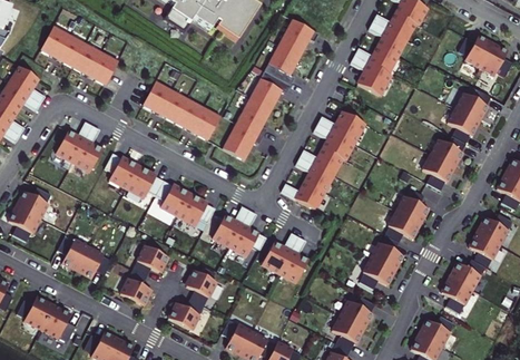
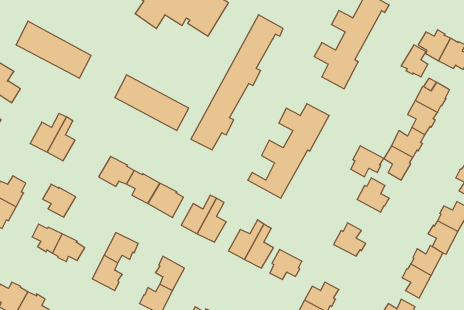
building: none -> [401,45,428,77]
building: [105,153,139,187] -> [43,184,76,217]
building: [385,211,420,243] -> [351,146,384,177]
building: [361,257,394,289] -> [270,250,302,280]

